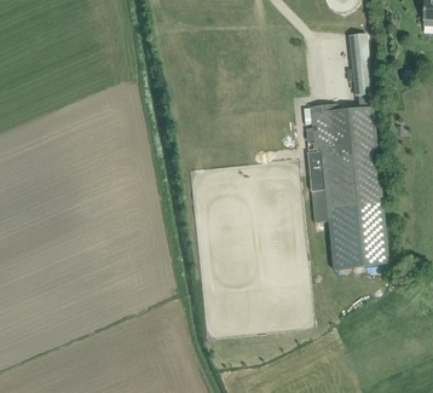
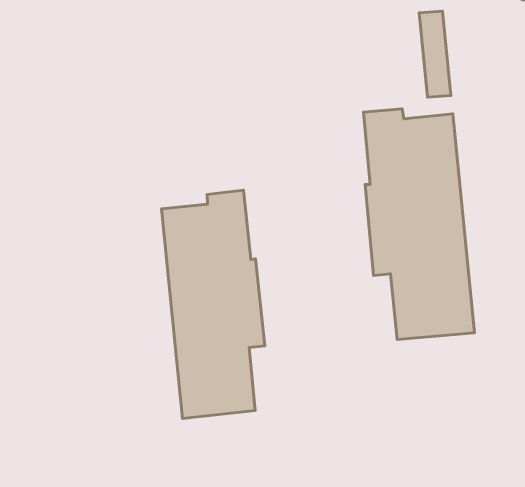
building: none -> [162,190,265,419]

